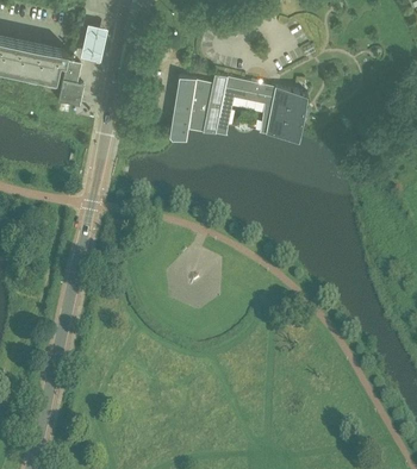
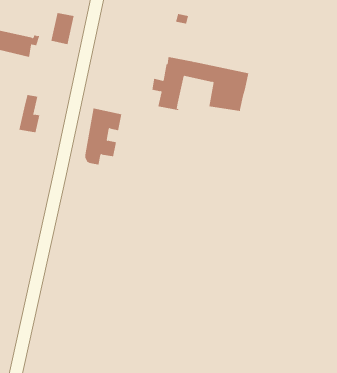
building: [58,61,83,105] -> [18,94,40,133]
building: [169,75,212,140] -> [85,108,122,165]

